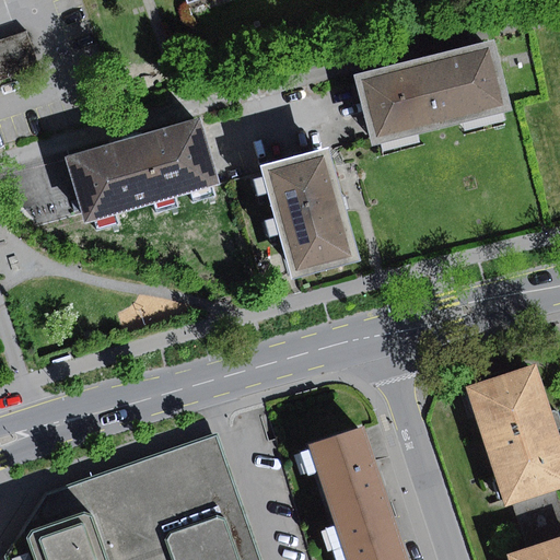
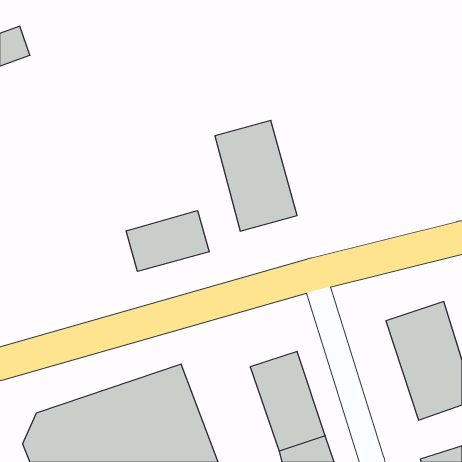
building: [354,39,512,147] -> none
building: [65,118,220,223] -> none
building: none -> [126,211,209,271]

